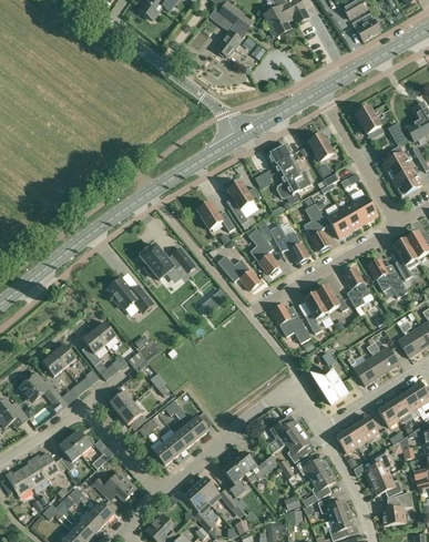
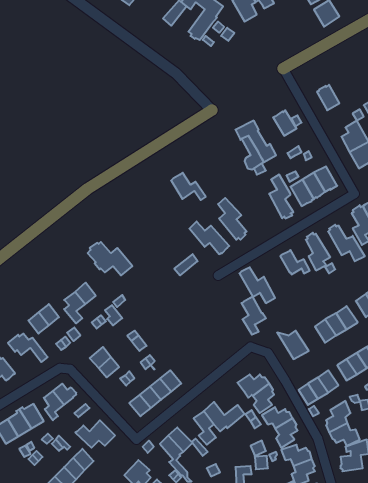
building: [227,181,261,224] -> none
building: [269,224,308,263] -> none
building: [140,242,196,279] -> none
building: [304,292,330,333] -> [241,297,266,335]

